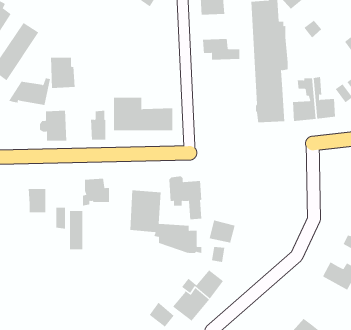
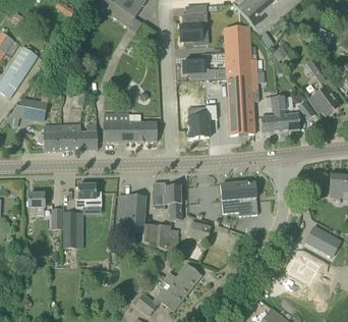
building: [50,57,75,88] -> [61,123,83,151]
building: none -> [187,104,217,138]
building: none -> [220,181,257,215]

